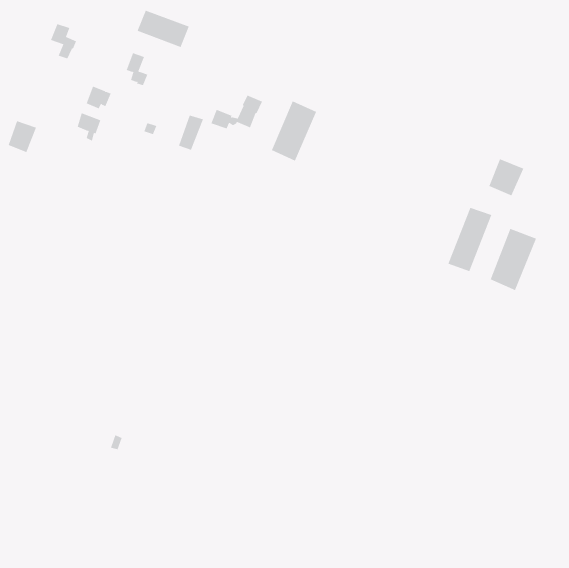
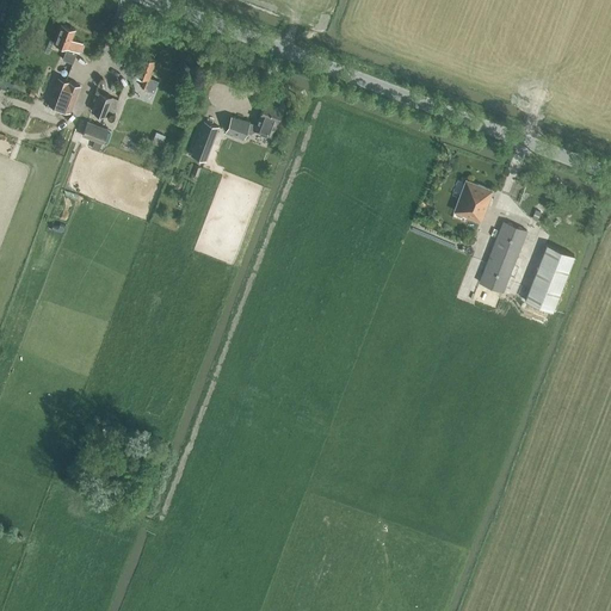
building: [137,10,190,48] -> none
building: [271,100,317,162] -> none
building: [8,121,37,153] -> [49,79,80,113]
building: [488,158,524,196] -> [455,181,493,222]

